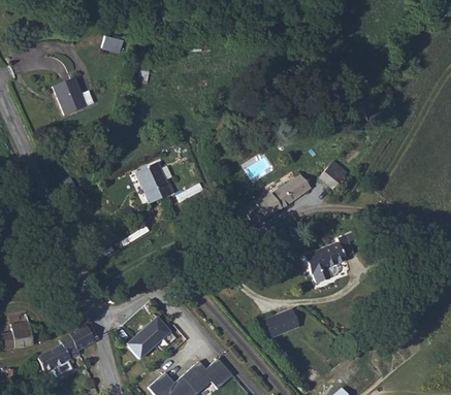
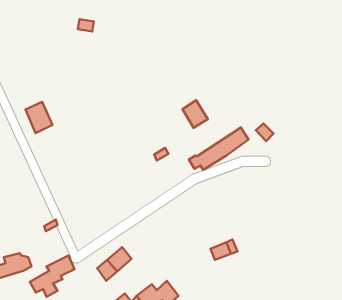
building: [46,76,79,114] -> [26,102,52,133]
building: none -> [183,100,208,128]
building: [141,163,179,204] -> none
building: [309,231,357,279] -> none

